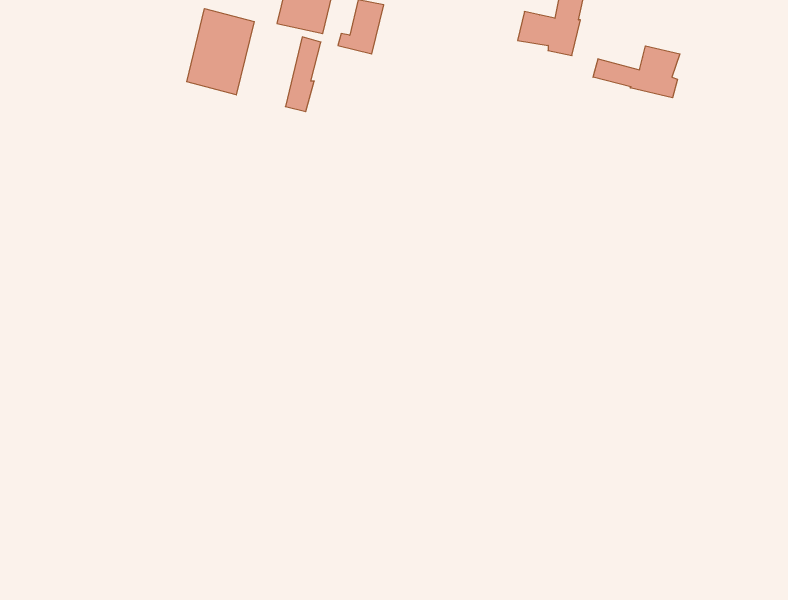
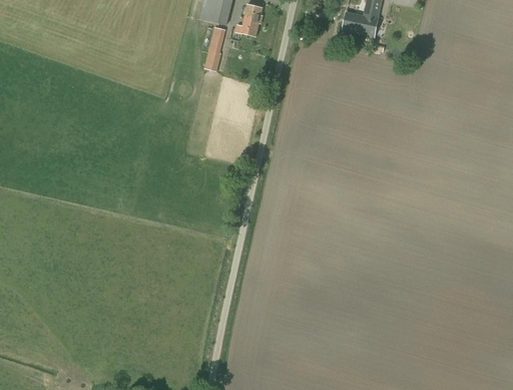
building: [187,9,254,95] -> none
building: [593,46,680,98] -> none

